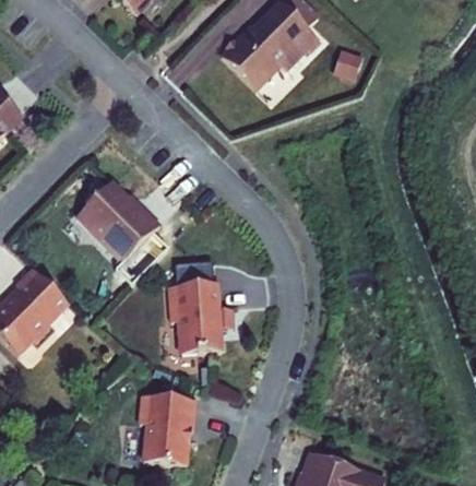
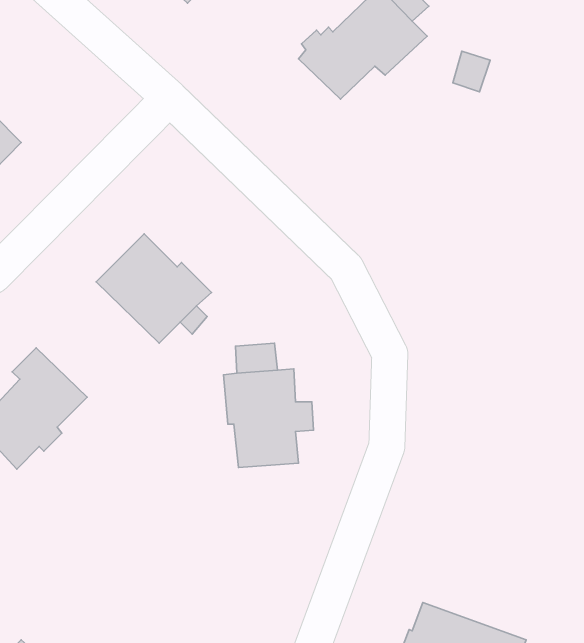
building: [138,393,194,464] -> none

